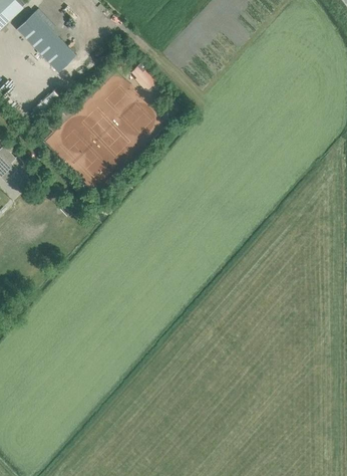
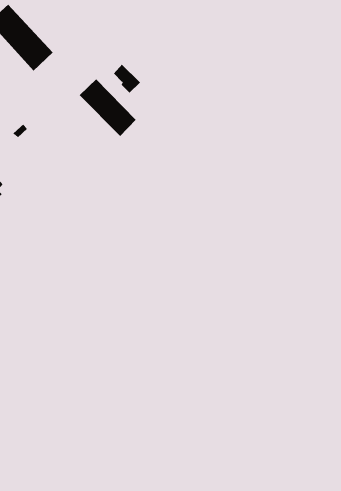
building: none -> [79,78,137,137]

